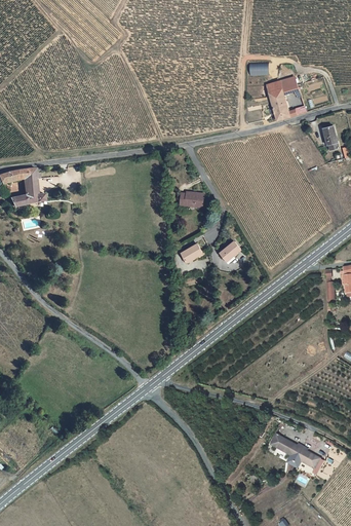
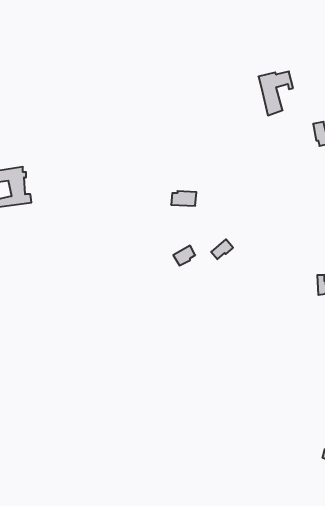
building: [271,433,321,466] -> none

